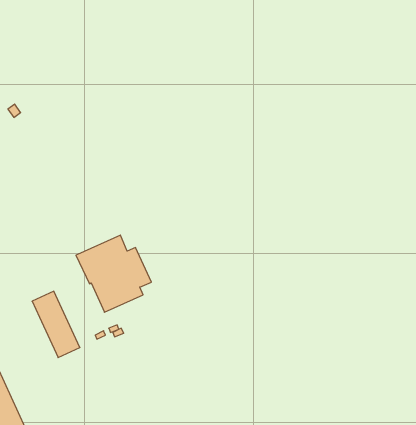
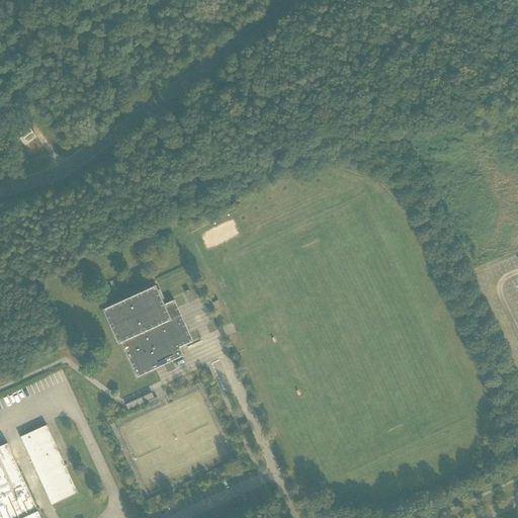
building: [32,291,80,358] -> [19,424,77,504]

